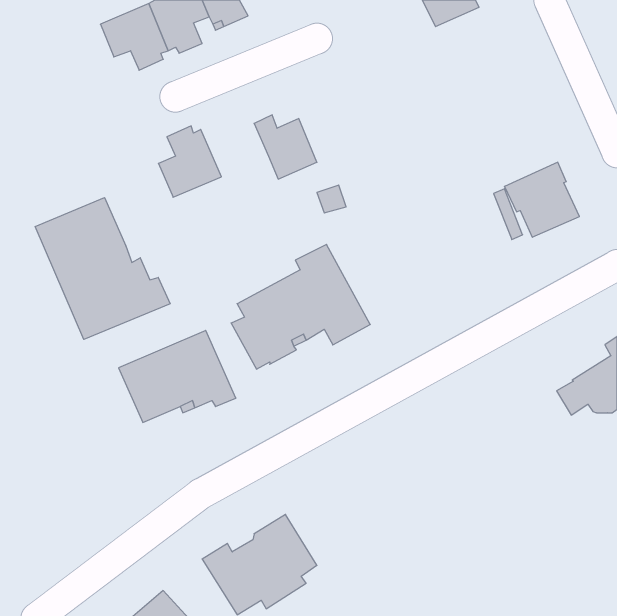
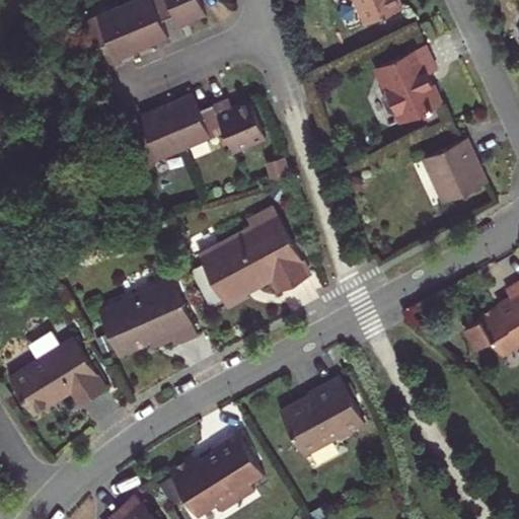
building: none -> [378,46,442,124]
building: none -> [168,94,225,150]
building: [35,198,170,339] -> none
building: none -> [10,338,106,417]
building: none -> [276,376,359,452]

